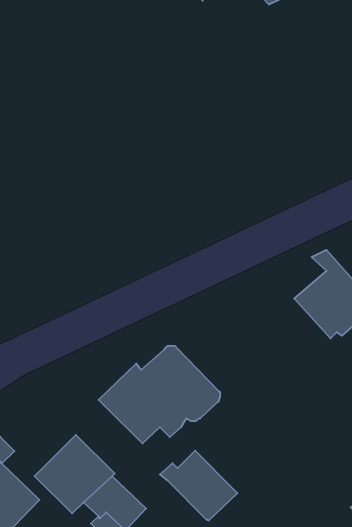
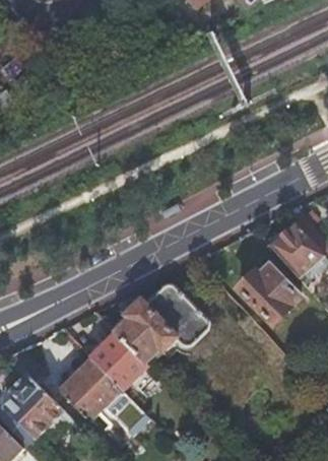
building: none -> [238,265,300,323]
building: [160,451,238,521] -> [86,331,149,388]

